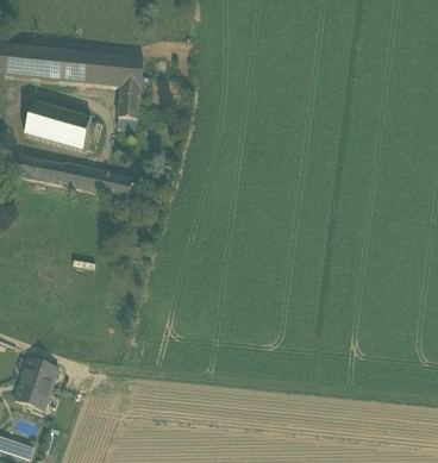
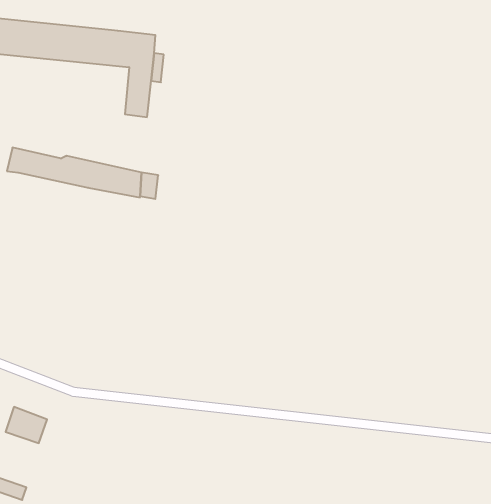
building: [24,101,90,150] -> none
building: [21,357,57,388] -> none

